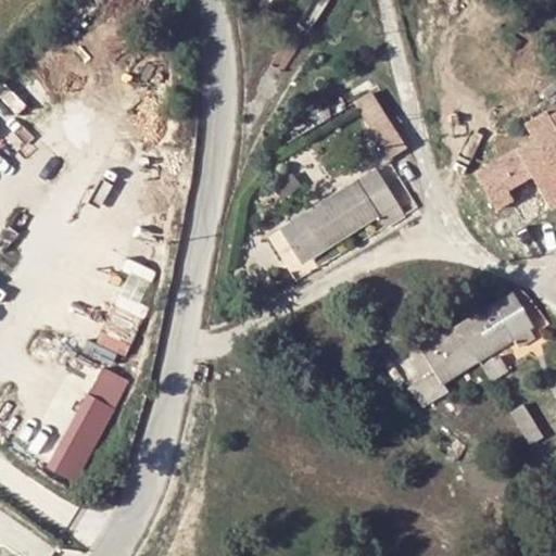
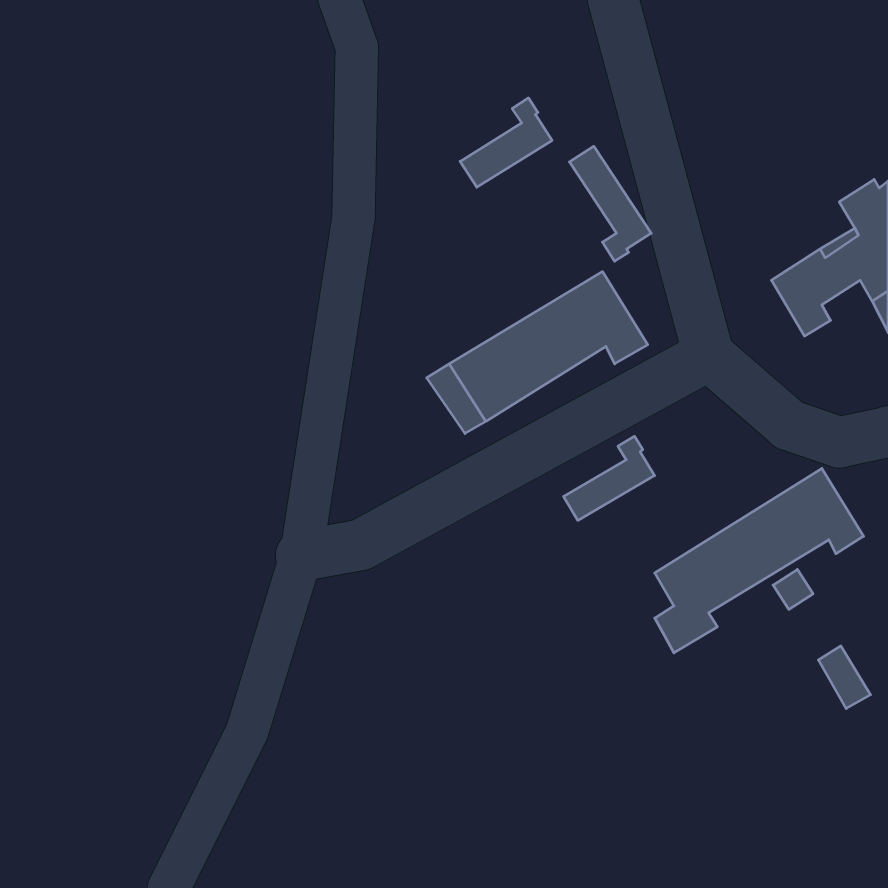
building: none -> [460,98,552,187]
building: none -> [564,436,655,520]
building: [46,363,135,480] -> none

